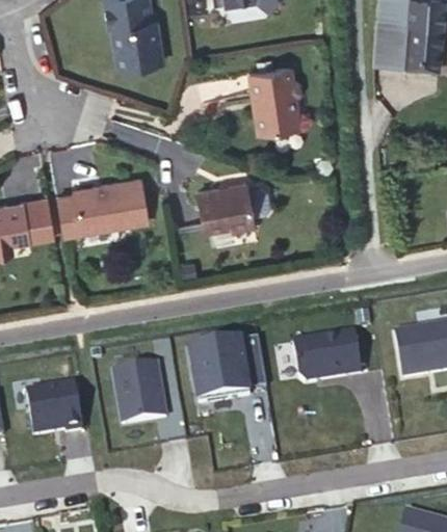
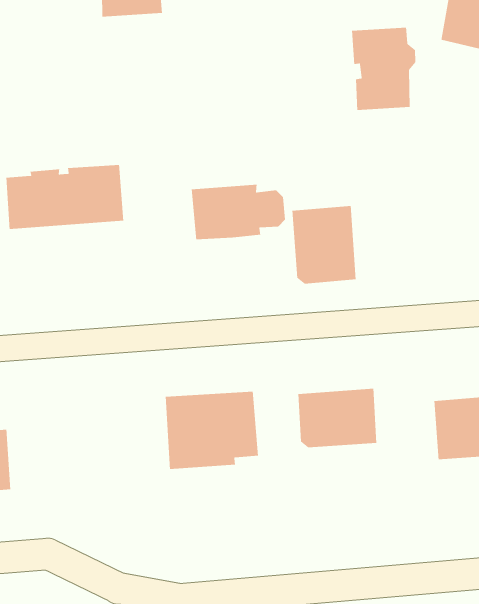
building: [248,65,299,132] -> [351,27,416,111]
building: none -> [292,205,357,285]
building: [111,361,162,420] -> none

